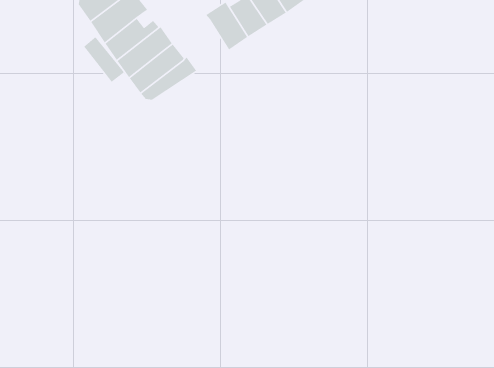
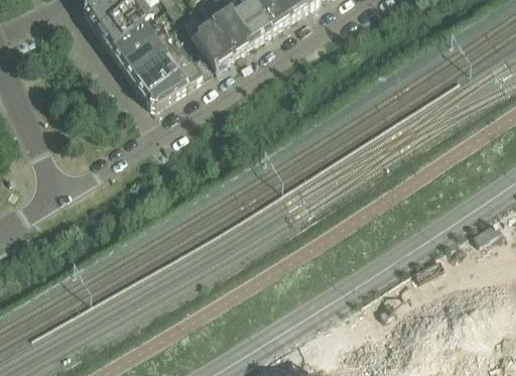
building: none -> [190,13,235,65]
building: [83,36,125,83] -> none

